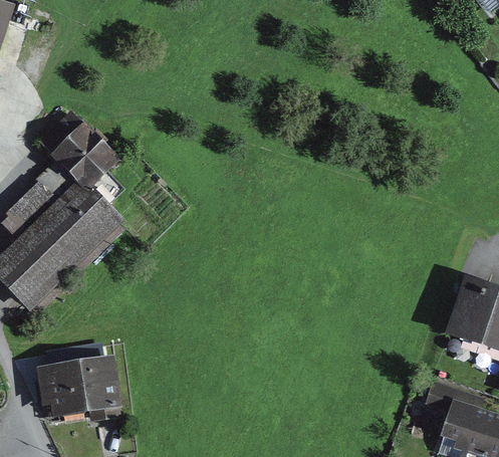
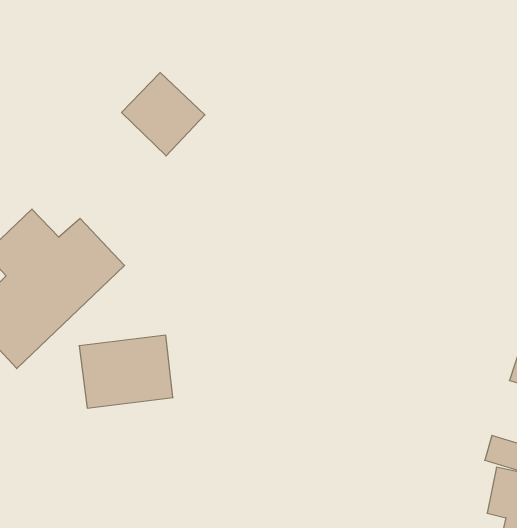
building: [41,120,112,191] -> [122,73,205,156]
building: [38,357,118,419] -> [79,335,173,408]

